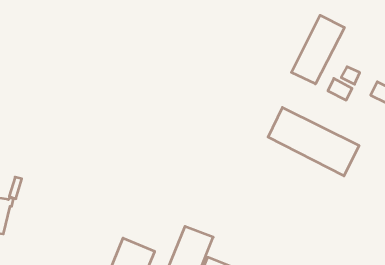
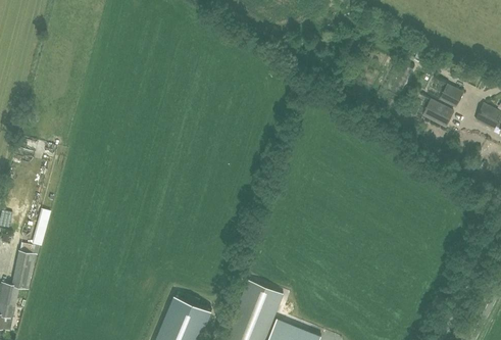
building: [291,15,344,84] -> none
building: [268,107,359,176] -> none

